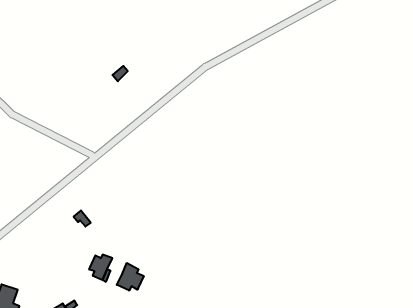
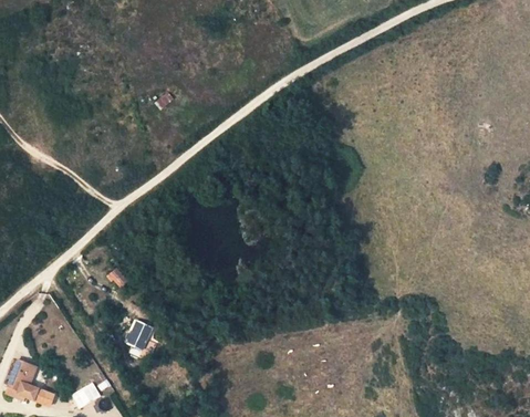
building: [117,263,144,291] -> none

